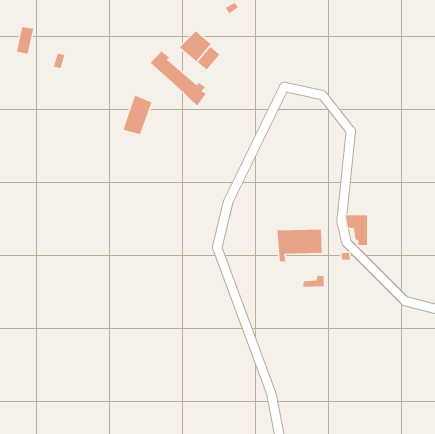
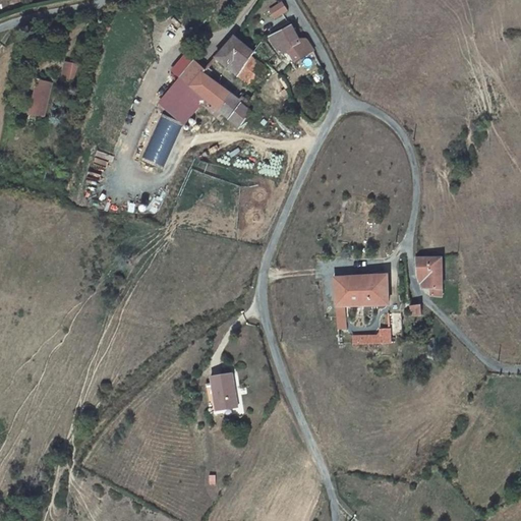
building: none -> [268,24,312,60]
building: [16,26,34,55] -> [32,81,53,115]
building: none -> [158,75,206,124]
building: none -> [211,365,236,402]

